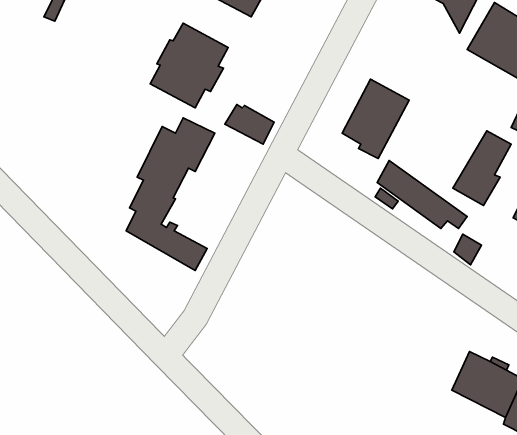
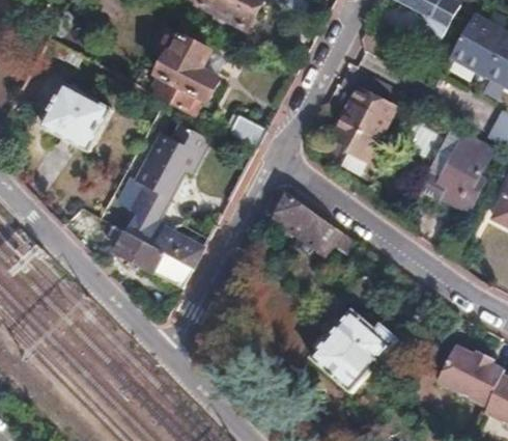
building: none -> [41,82,110,148]
building: [377,160,467,229] -> [269,188,354,252]
building: none -> [108,223,192,287]
building: none -> [310,308,396,389]

